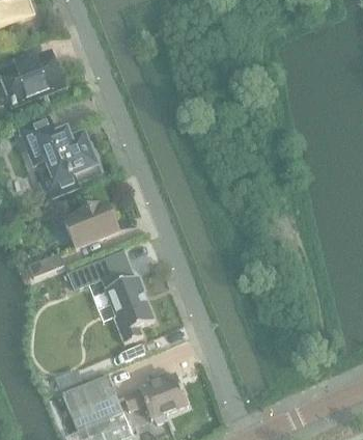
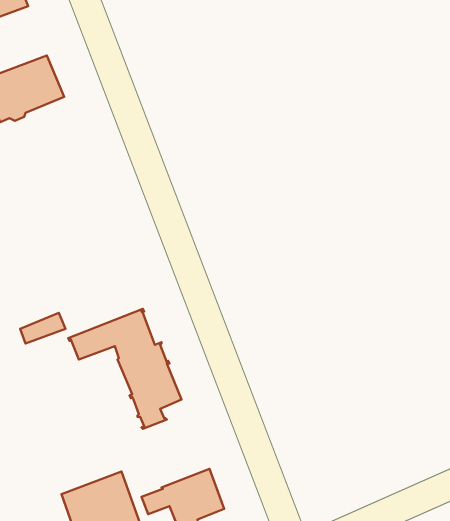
building: [19,116,102,199] -> none
building: [62,200,118,247] -> none

